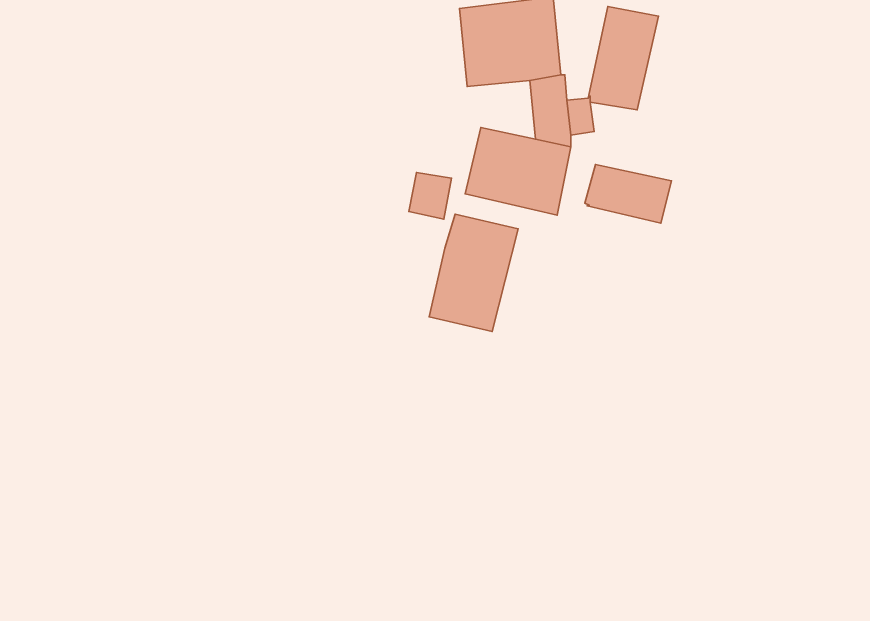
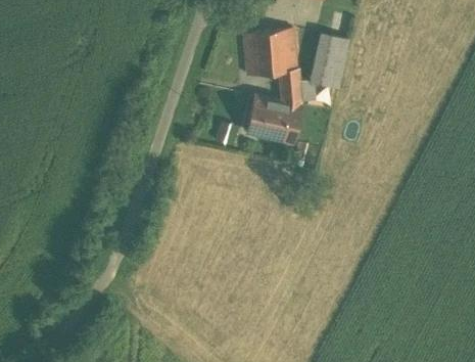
building: [585,164,672,223] -> none
building: [429,214,518,331] -> none

